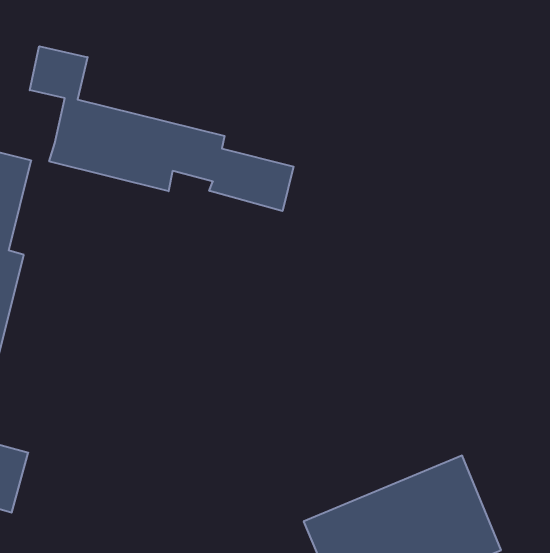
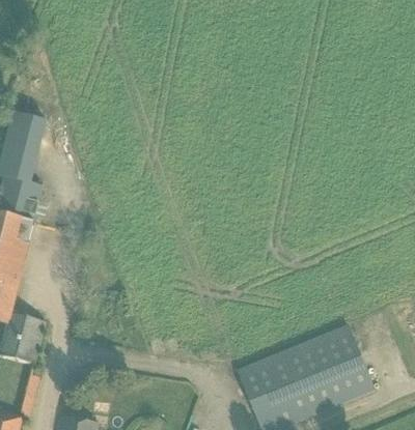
building: [30,46,294,211] -> none

